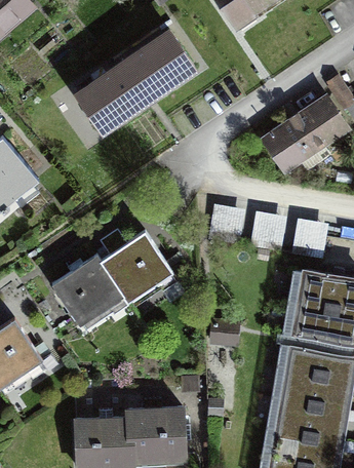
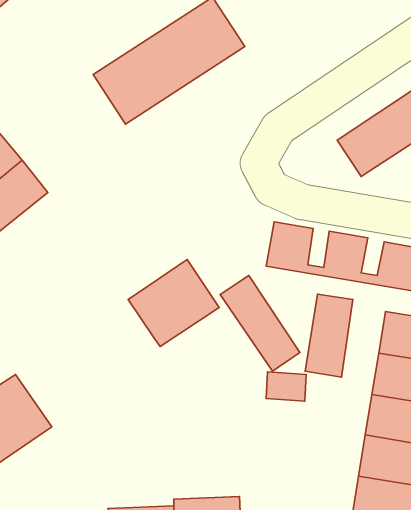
building: none -> [220,276,300,371]
building: [49,255,119,322] -> none
building: none -> [305,294,353,377]

